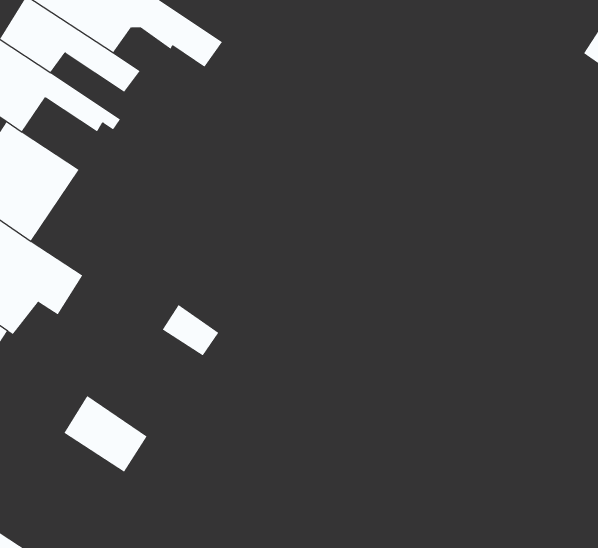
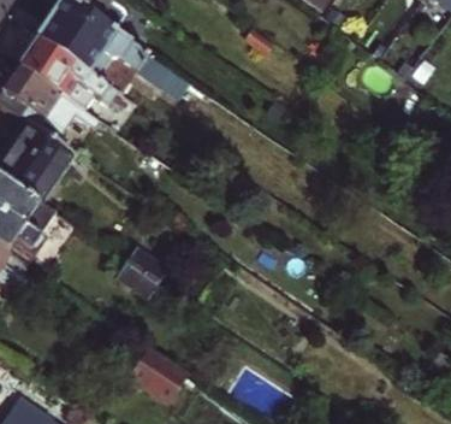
building: [63,395,148,472] -> [130,346,186,398]

